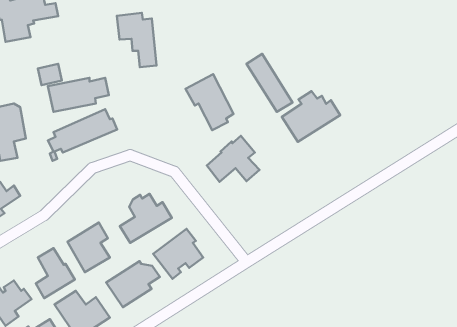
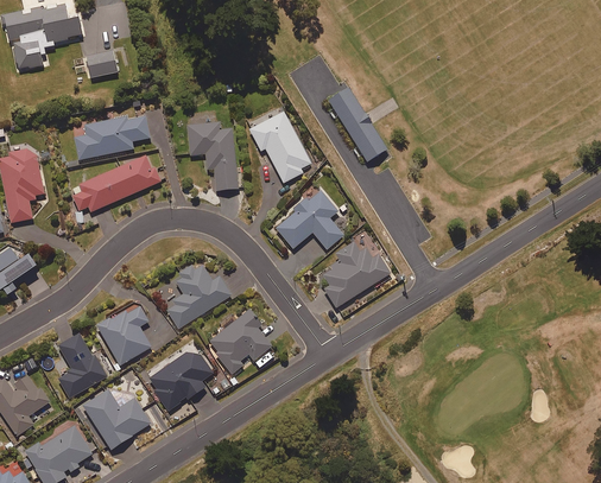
building: [117,13,157,67] -> [186,121,238,191]
building: [38,64,62,85] -> [86,50,116,77]
building: [282,91,340,142] -> [315,242,390,307]

